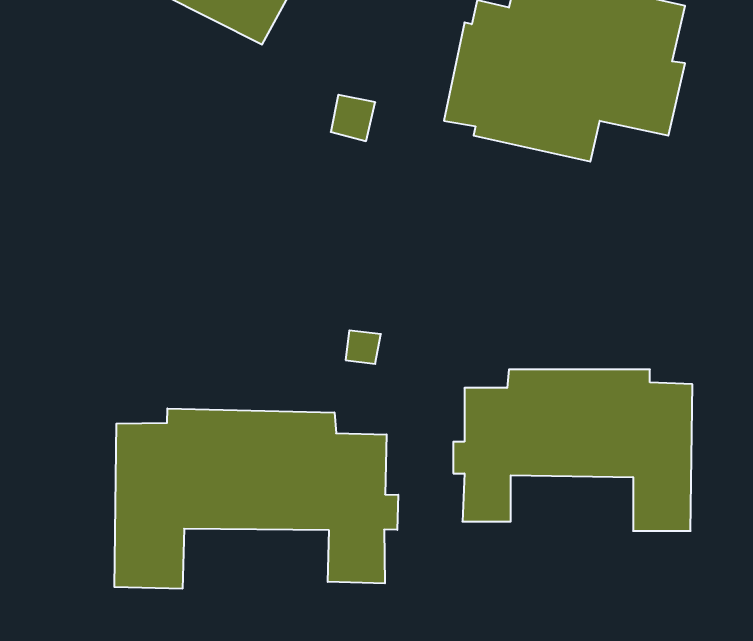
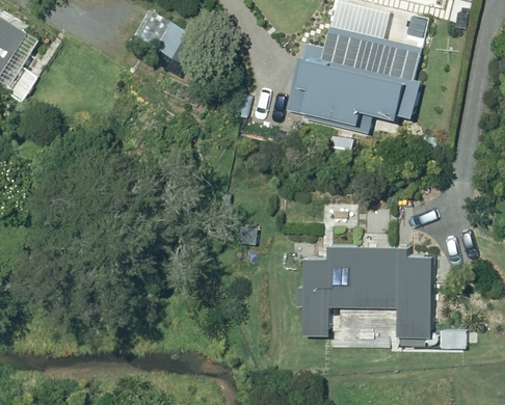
building: [114,408,398,589] -> none

